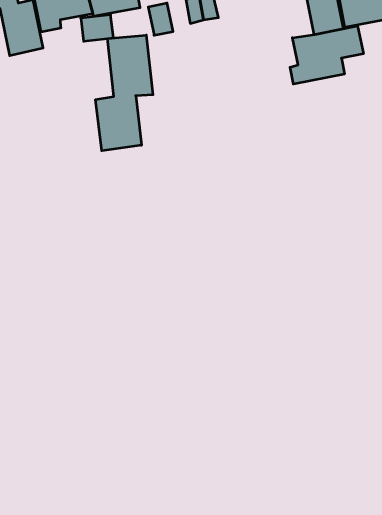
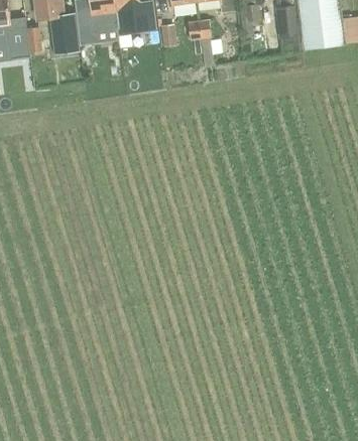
building: [290,26,363,84] -> none
building: [96,35,153,151] -> none

